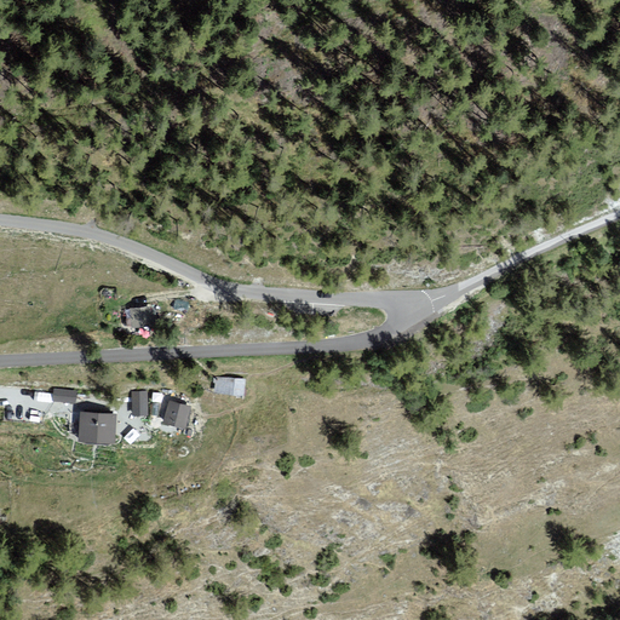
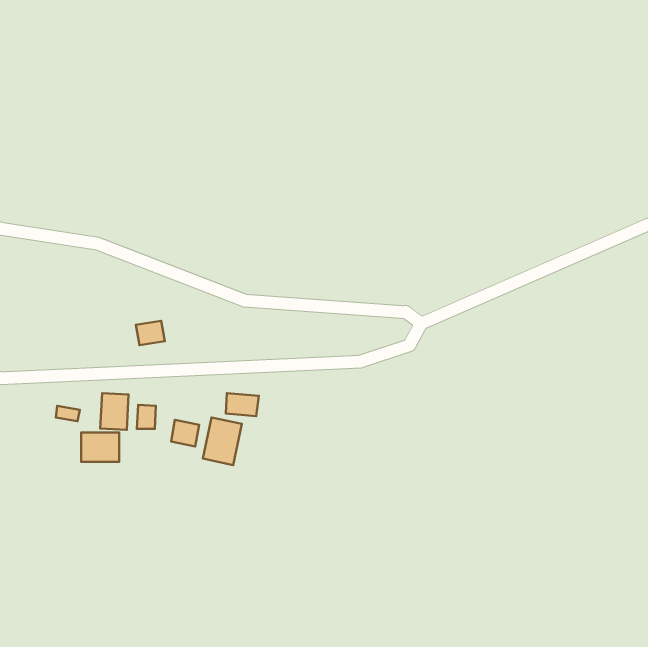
building: none -> [100,393,129,430]
building: none -> [203,417,242,465]

